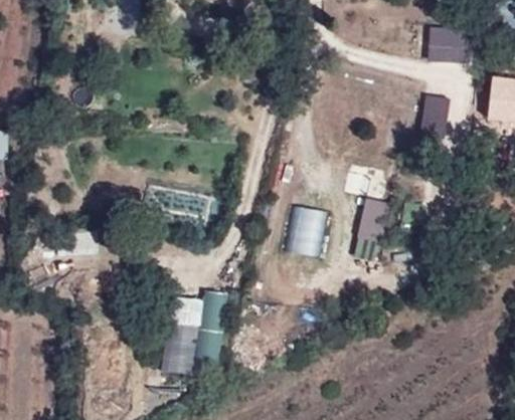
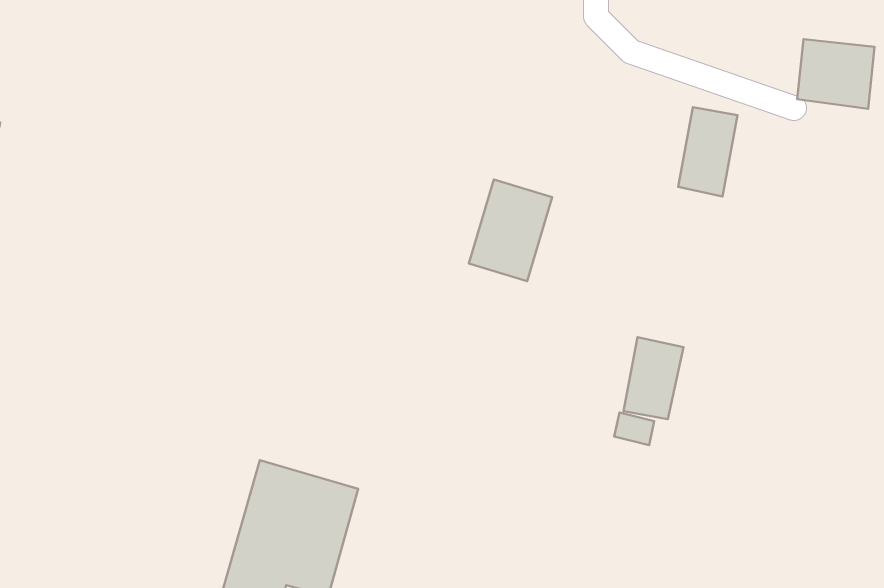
building: [421,94,448,140] -> [678,107,737,197]
building: [288,205,327,256] -> [469,180,552,281]

